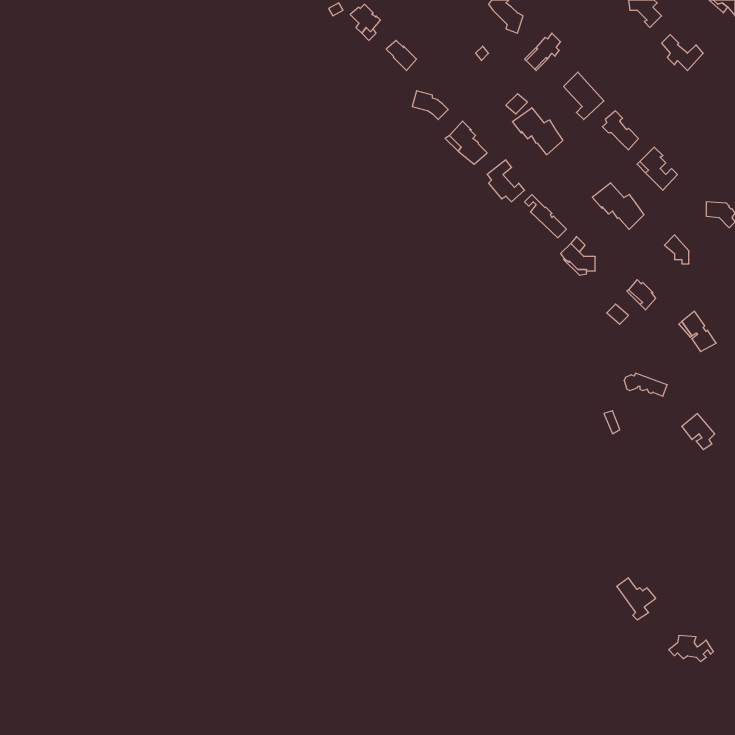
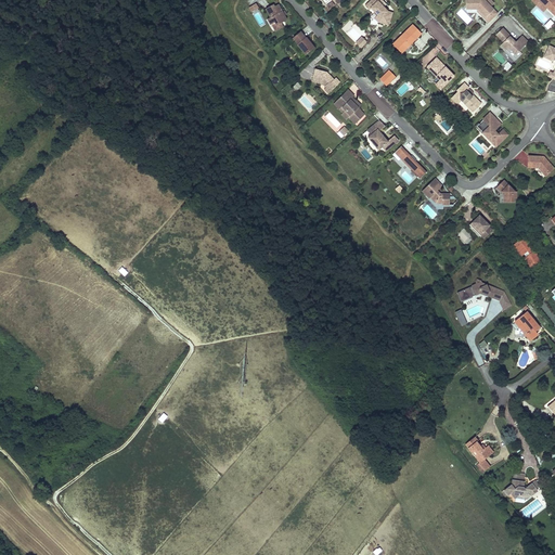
building: [512,108,563,155] -> none
building: [592,183,644,229] -> none

